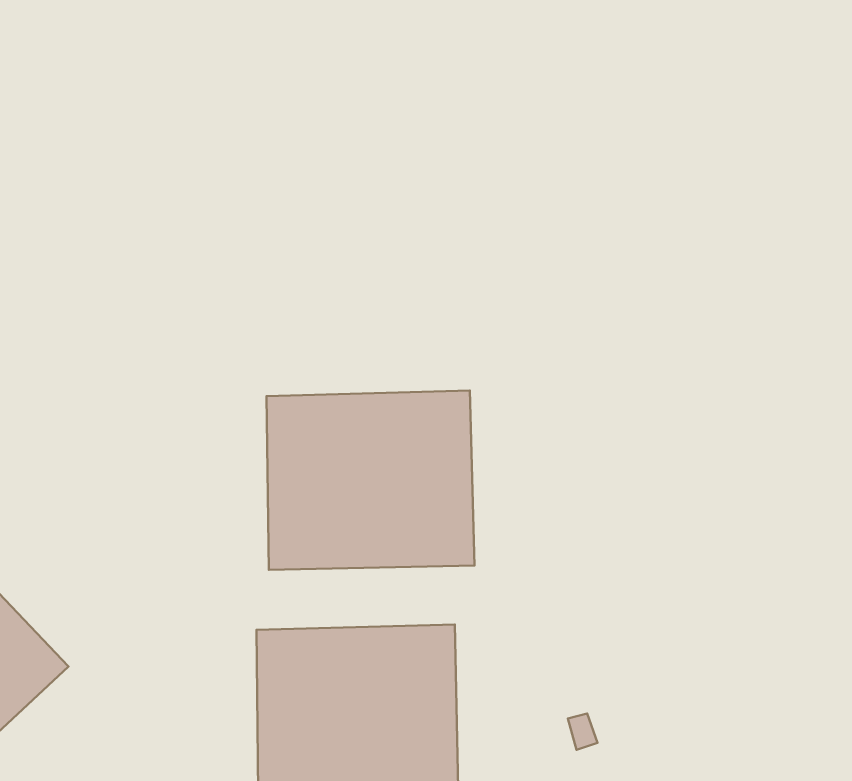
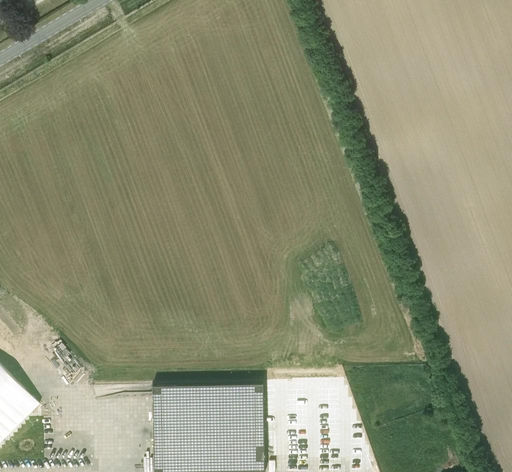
building: [266,390,475,570] -> none

